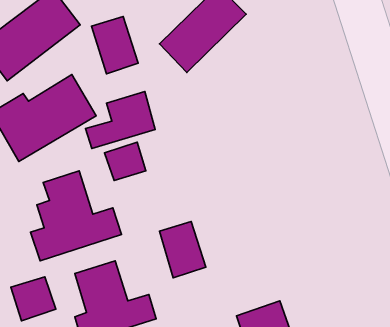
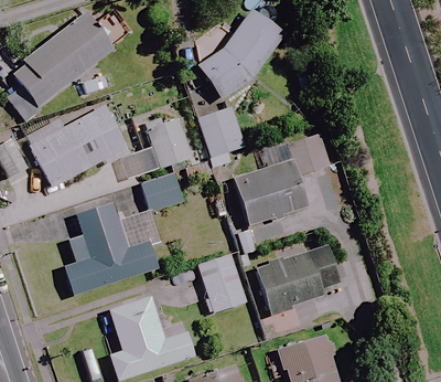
building: [92,17,138,74] -> [198,107,247,167]
building: none -> [233,132,327,225]
building: none -> [255,244,341,314]
building: [11,277,56,321] -> none

